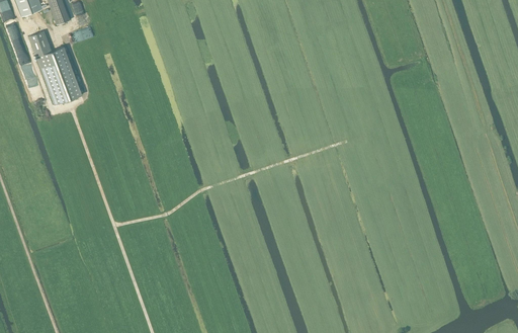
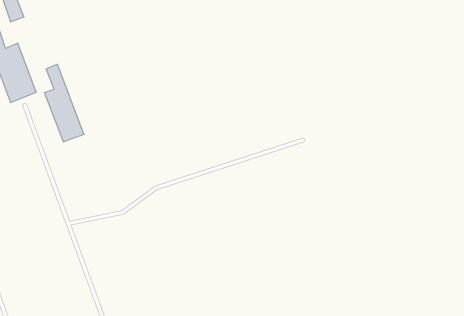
building: none -> [44,64,84,142]

